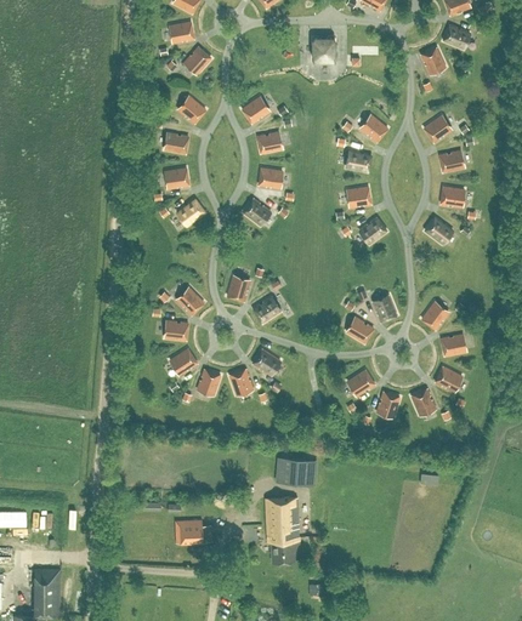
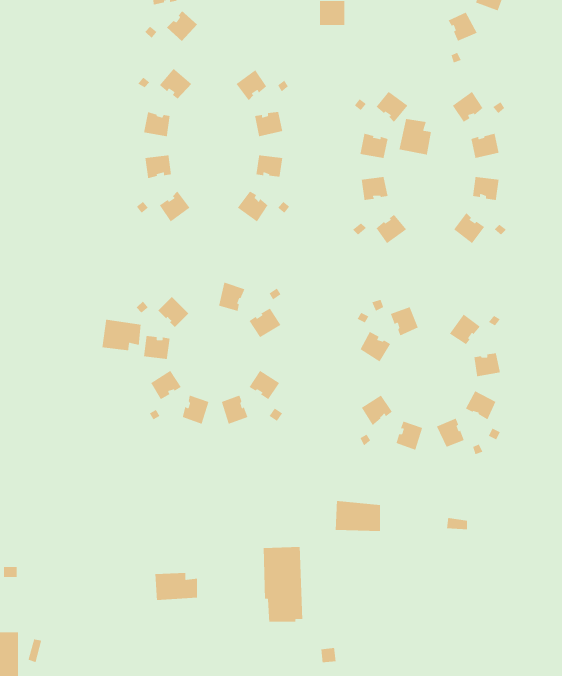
building: none -> [398,118,432,156]
building: none -> [102,319,141,351]
building: [277,456,316,483] -> [335,500,381,532]

